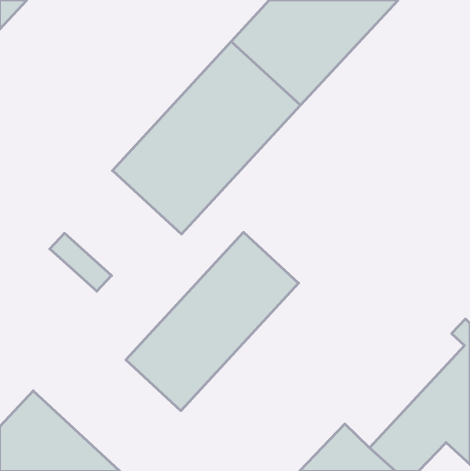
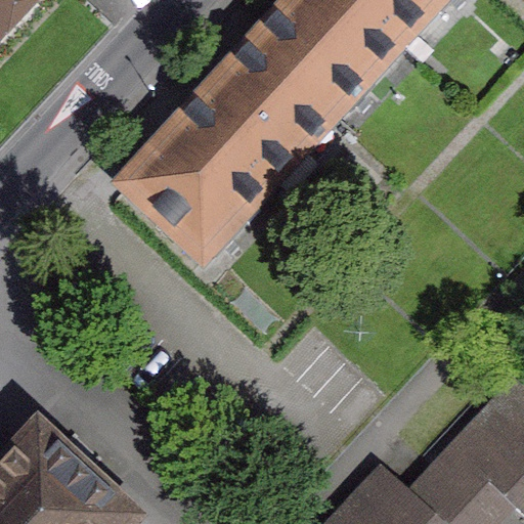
building: [126,232,299,411] -> none

